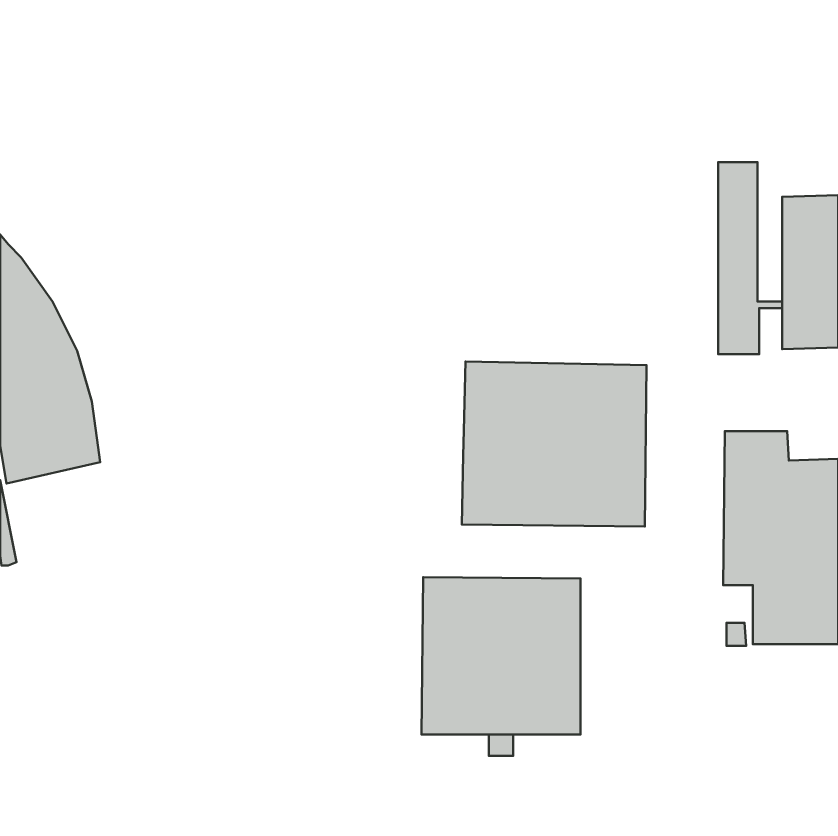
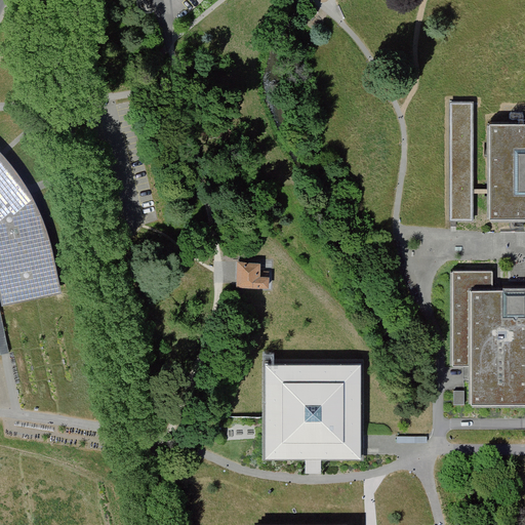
building: [462,362,647,526] -> none
building: none -> [237,261,270,286]

